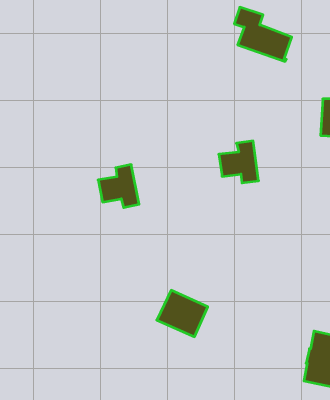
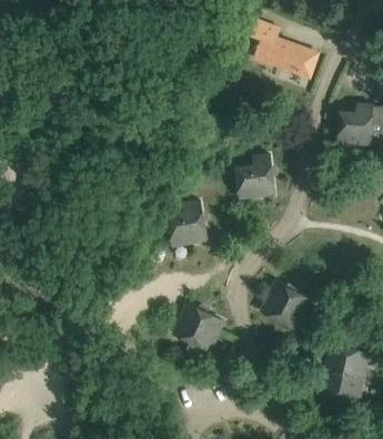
building: [98,165,139,208] -> [165,202,206,245]
building: none -> [260,284,311,331]

